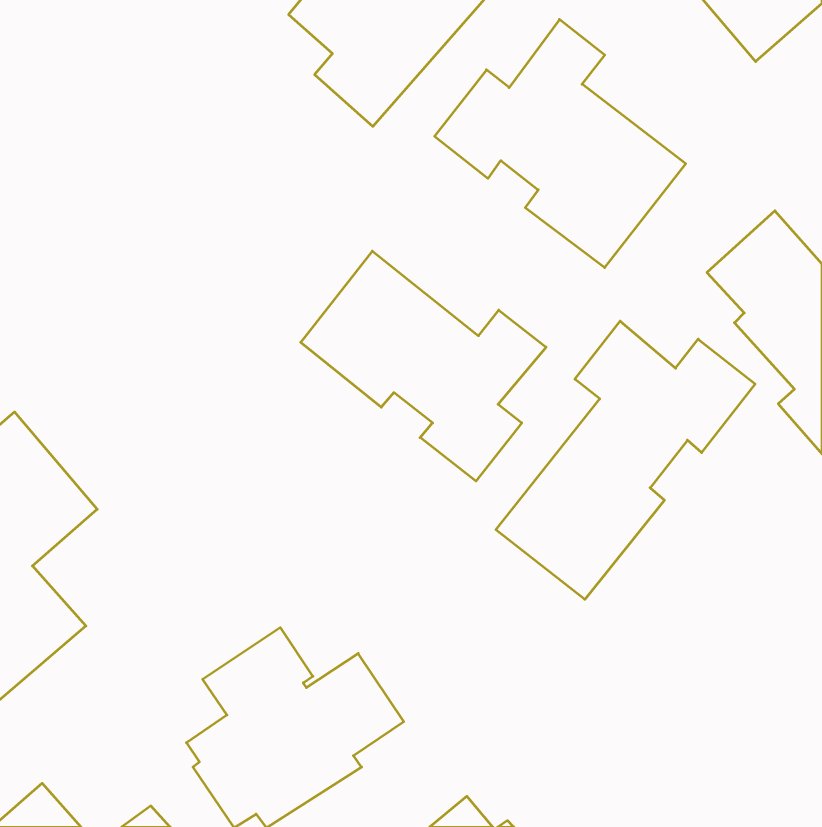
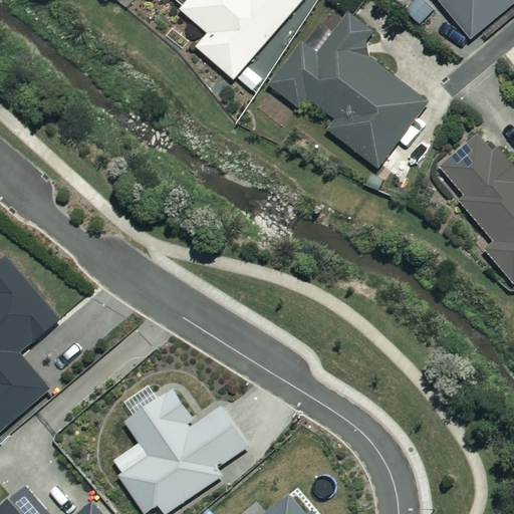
building: [301,251,546,481] -> none
building: [496,321,755,599] -> none

